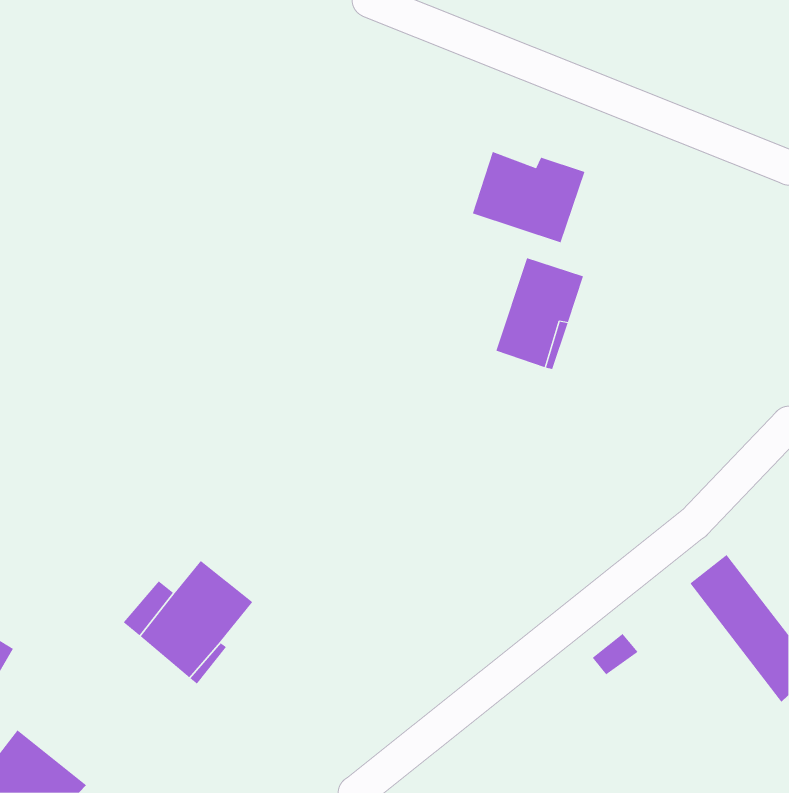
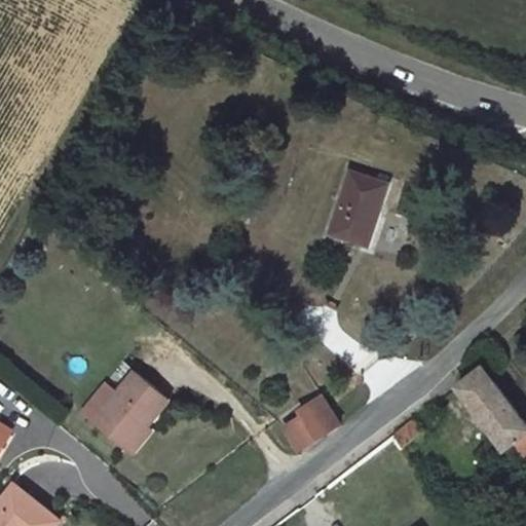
building: [472,151,585,243] -> none
building: none -> [285,394,338,450]

